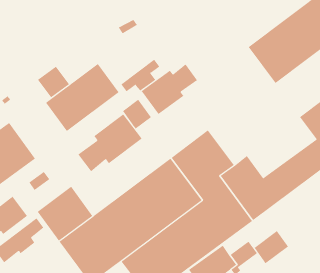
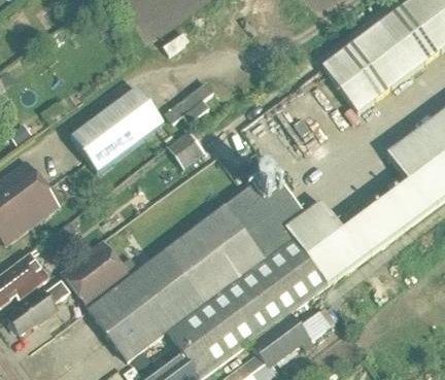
building: [141,63,198,115] -> none
building: [37,66,70,98] -> none
building: [78,114,143,172] -> none
building: [254,230,289,264] -> none

